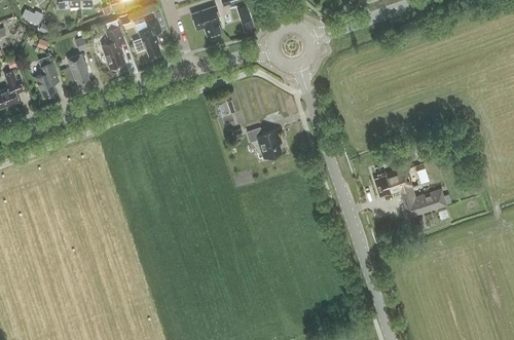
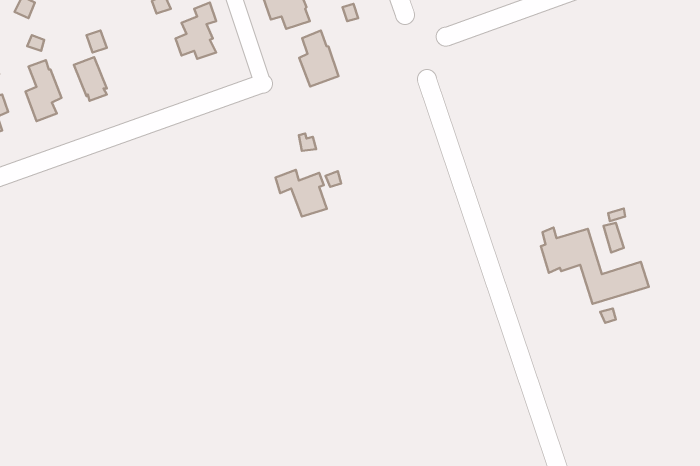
building: [102,26,124,68] -> none
building: none -> [299,30,338,86]
building: [247,126,281,157] -> [275,170,327,217]

